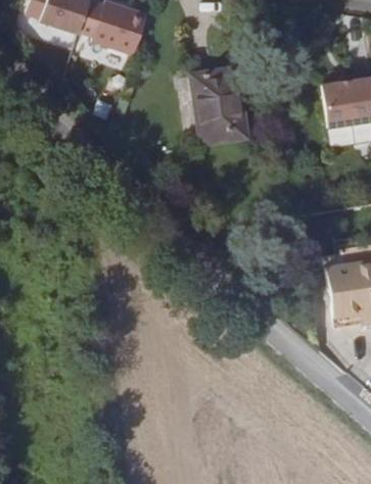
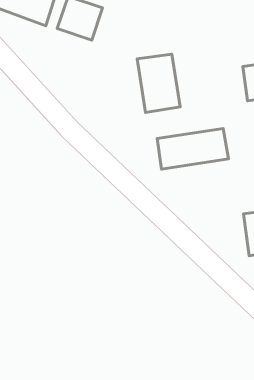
building: none -> [157,129,228,169]

